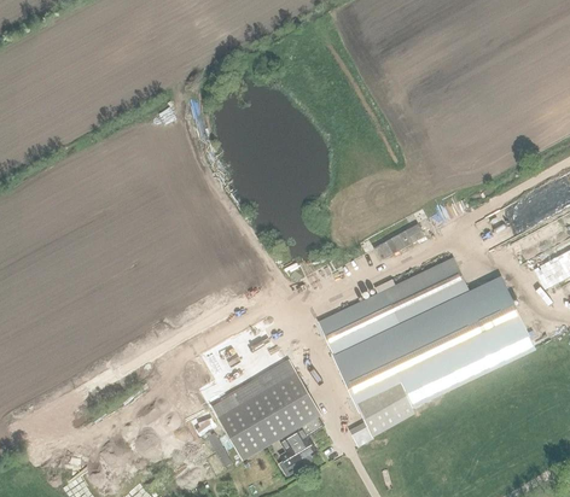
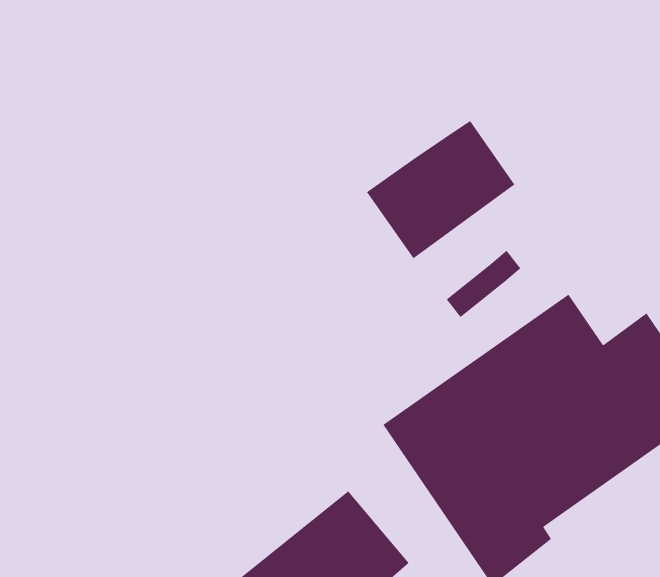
building: none -> [366,120,515,259]

